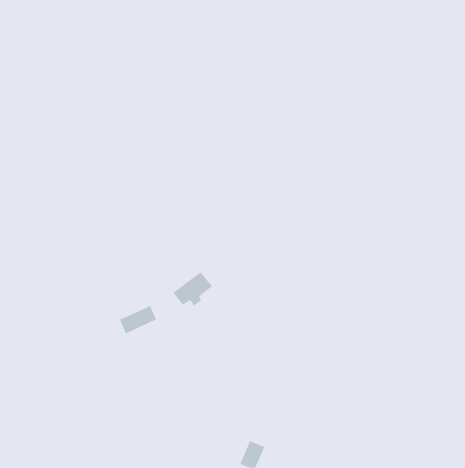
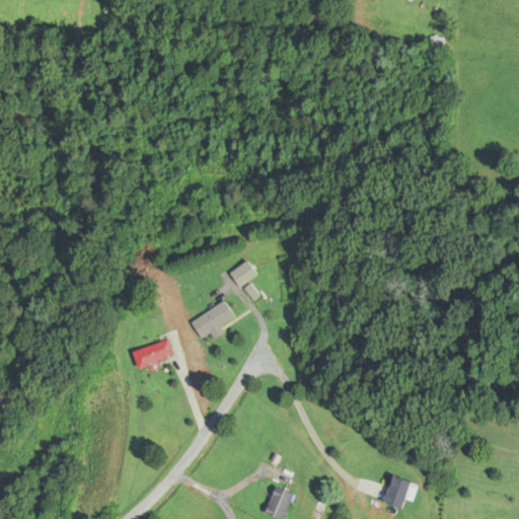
building: none -> [229,260,256,286]
building: none -> [385,474,414,509]

